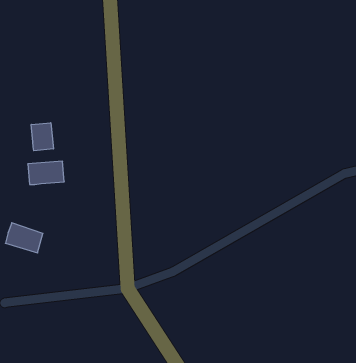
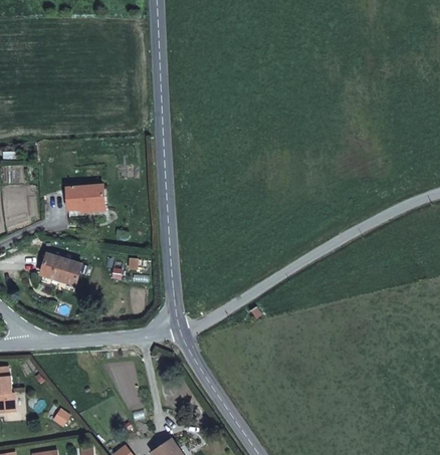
building: [31,123,53,151] -> none

